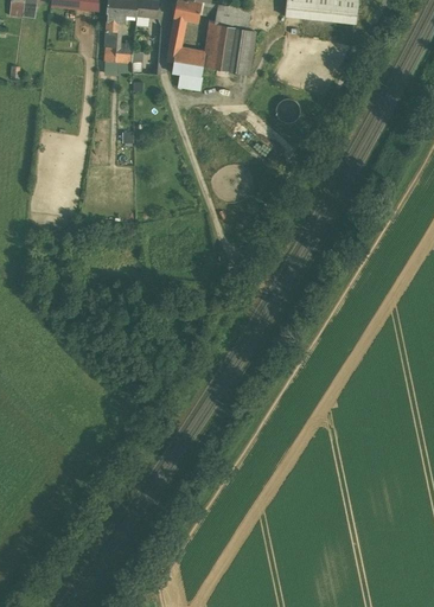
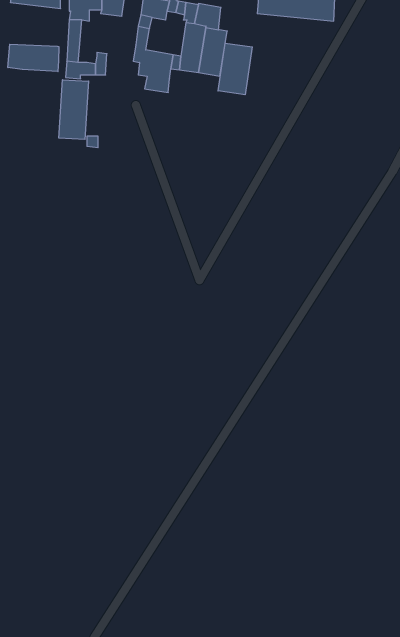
building: none -> [218,43,252,95]
building: none -> [8,44,59,72]
building: none -> [59,80,89,139]

